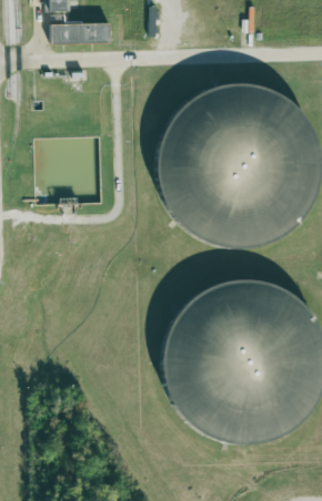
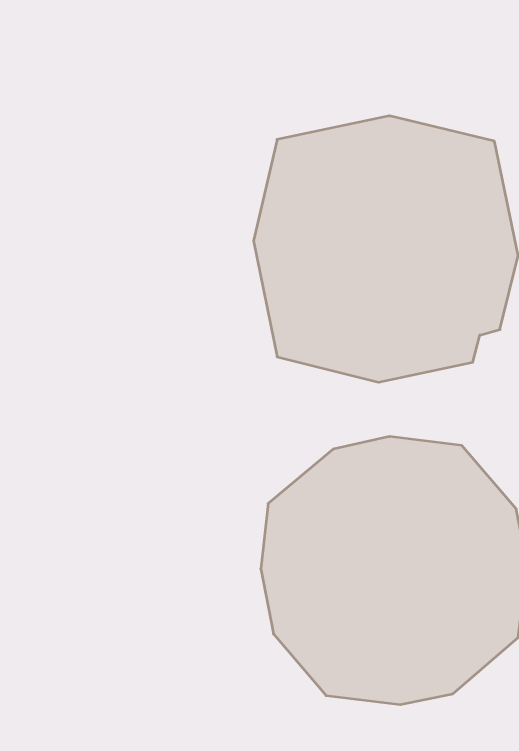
building: [52,22,111,44] -> none

